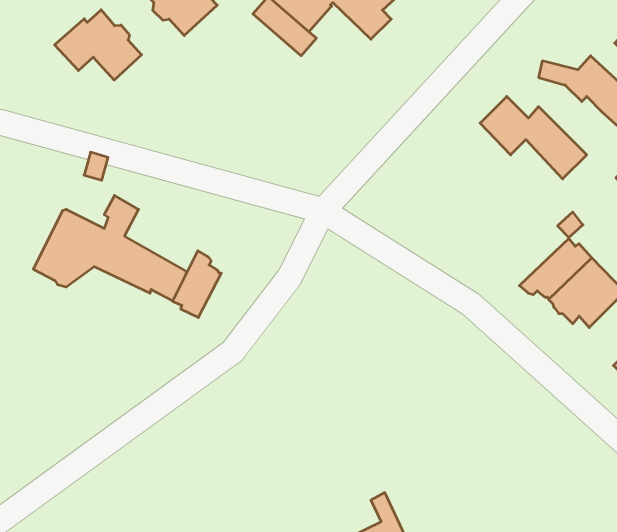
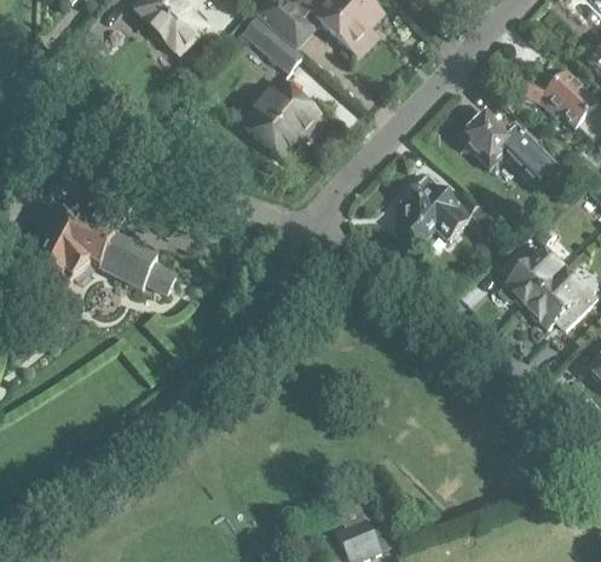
building: [55,10,142,80] -> none
building: none -> [243,80,322,158]
building: none -> [399,172,497,243]
building: [173,251,221,318] -> none

